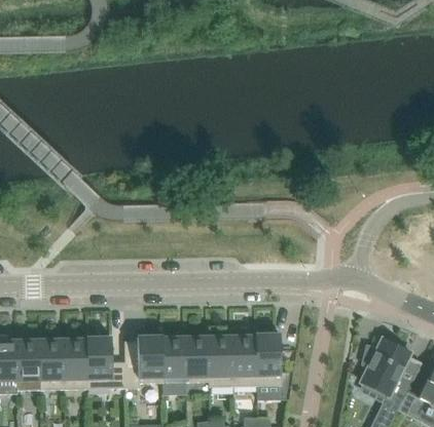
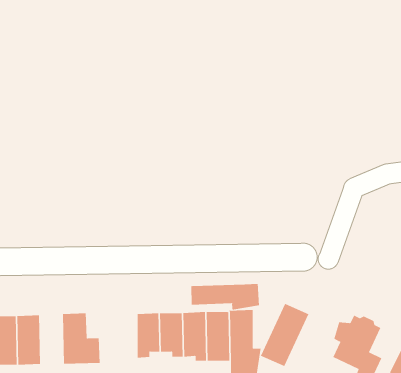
building: none -> [191,283,260,310]
building: none -> [260,303,309,367]
building: [123,336,161,388] -> none
building: [63,339,86,389] -> none

